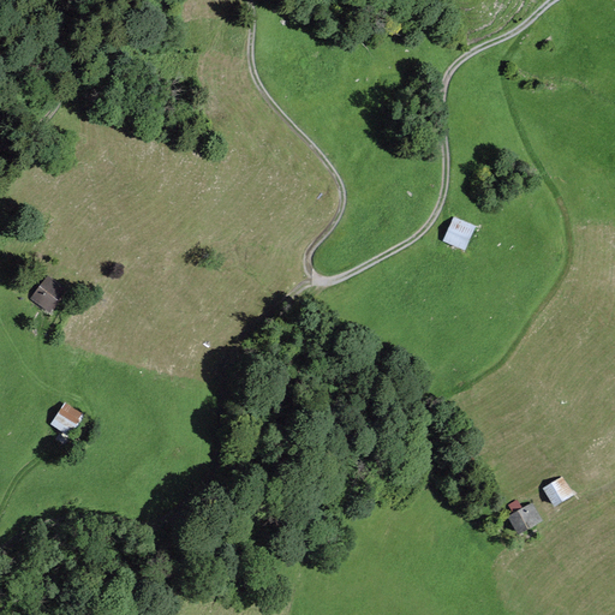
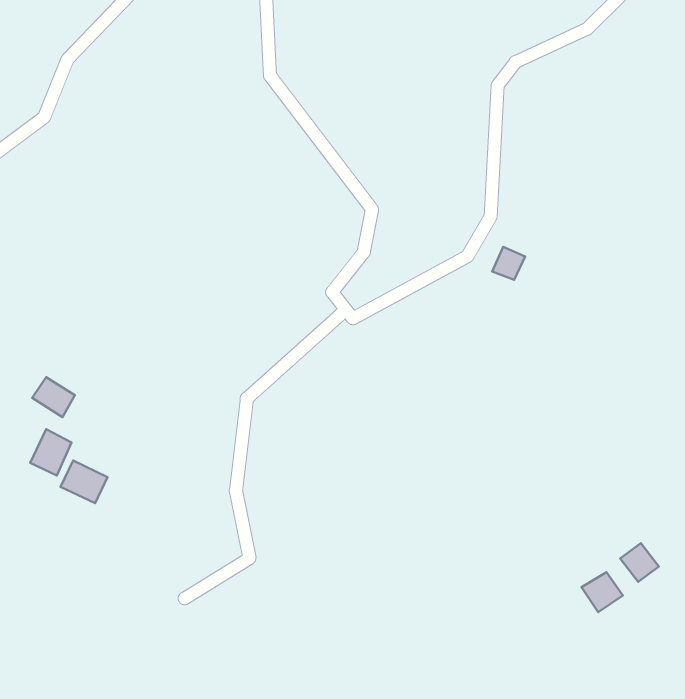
building: [28,280,65,315] -> [32,377,75,417]
building: none -> [30,429,71,476]

